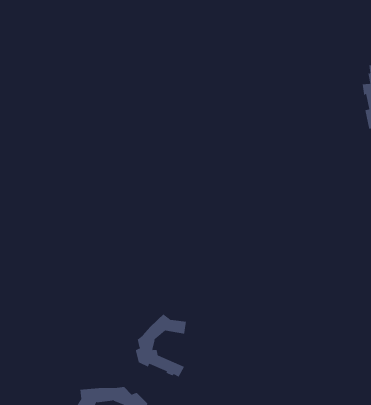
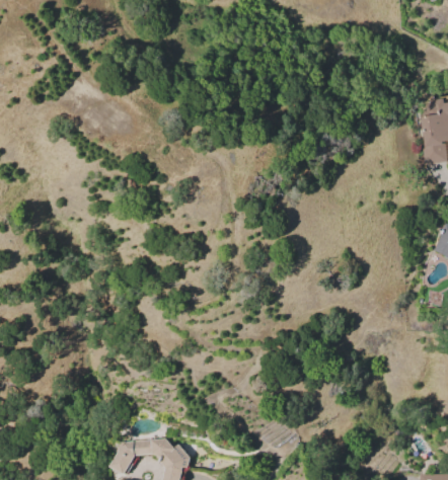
building: [135,313,186,377] -> none

